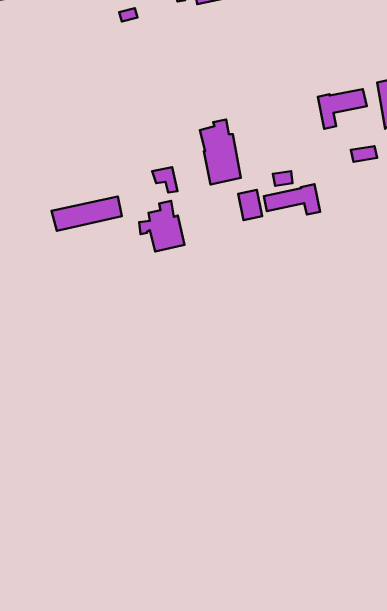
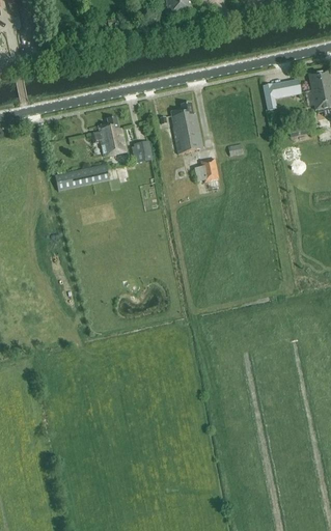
building: [264,184,320,215] -> none
building: [139,201,184,251] -> [91,116,127,156]

